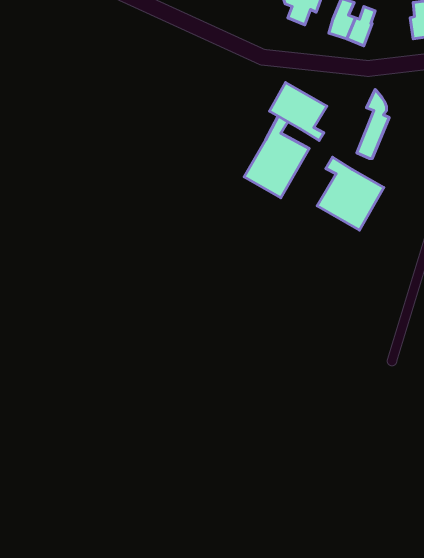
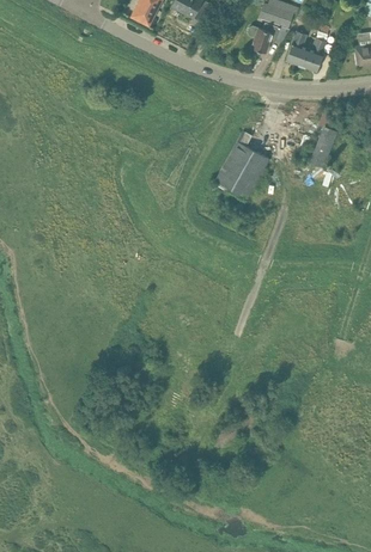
building: [269,83,327,140] -> none
building: [317,157,384,230] -> none

